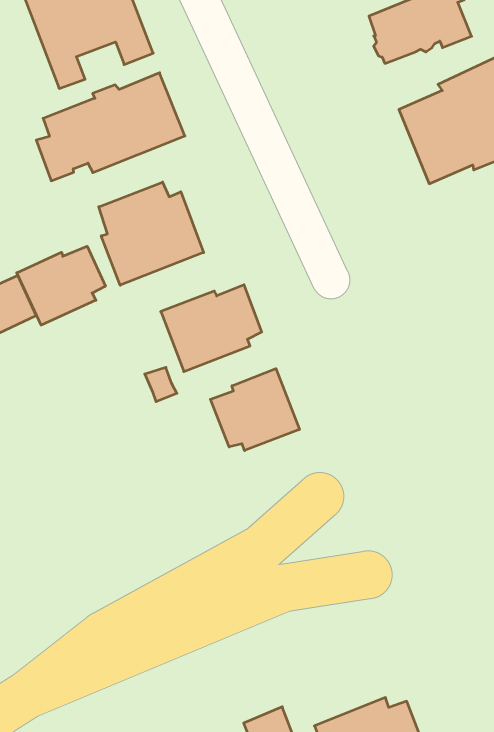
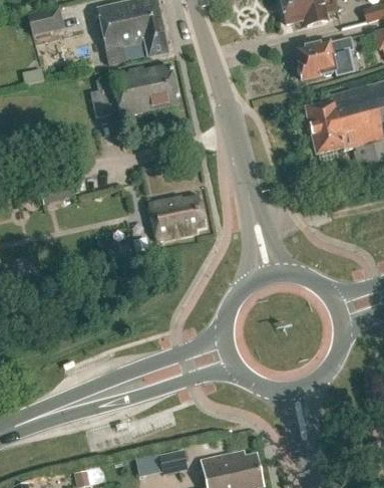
building: [99,182,204,285] -> none
building: [17,246,105,325] -> none
building: [210,369,299,451] -> none

